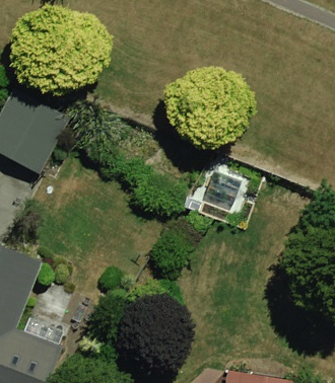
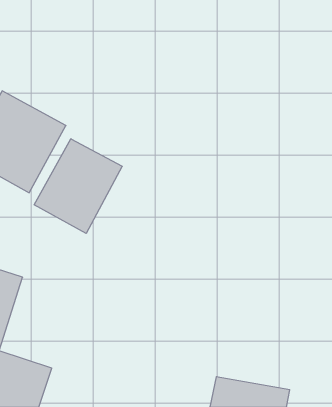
building: none -> [34,139,122,233]

